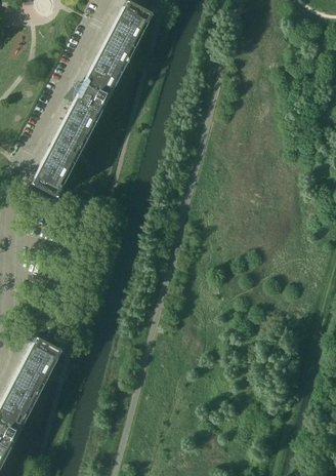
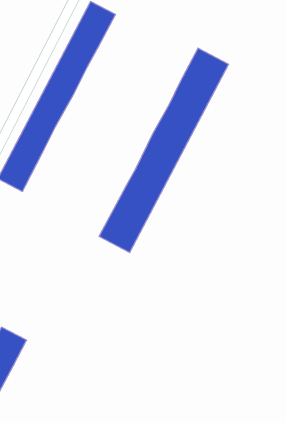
building: none -> [99,48,229,253]

